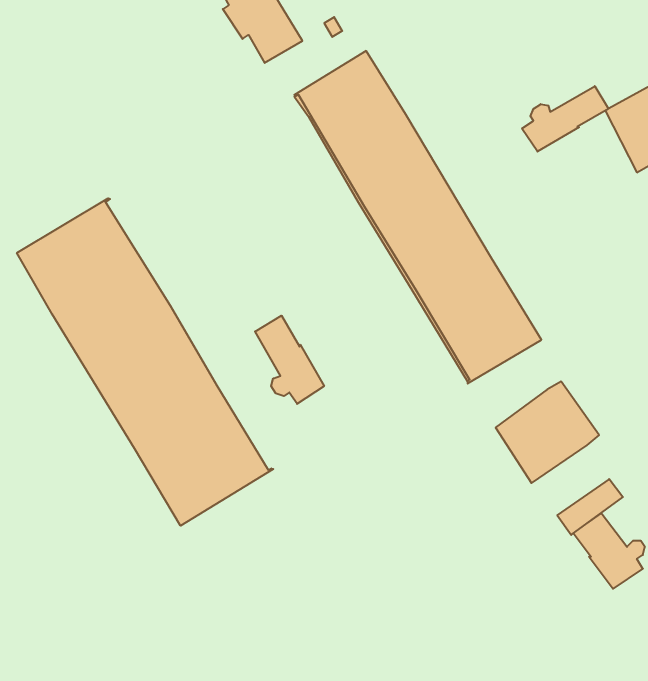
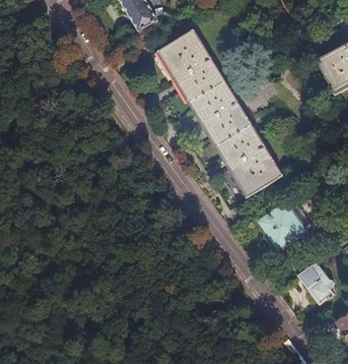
building: [522,86,608,152] -> none
building: [17,198,273,526] -> none
building: [255,316,324,404] -> none

